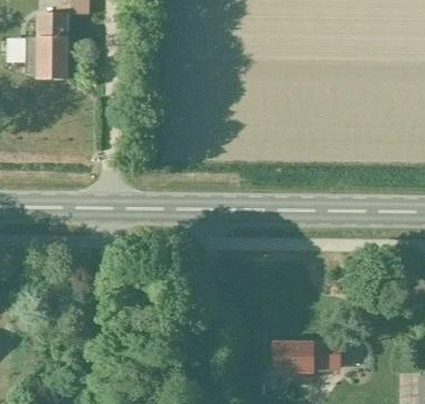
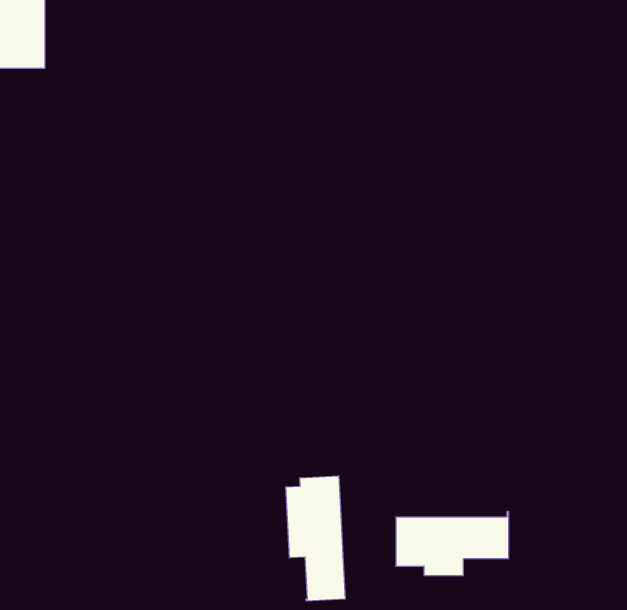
building: none -> [286,476,345,601]

